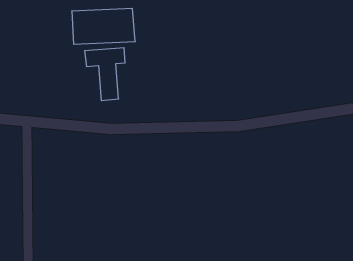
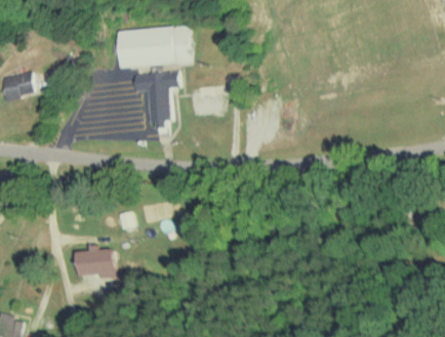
building: none -> [77,250,114,275]

